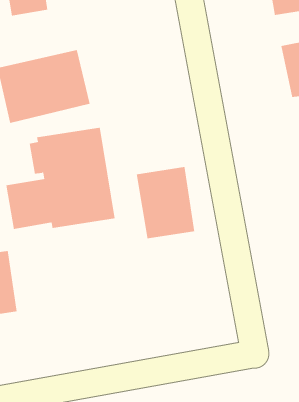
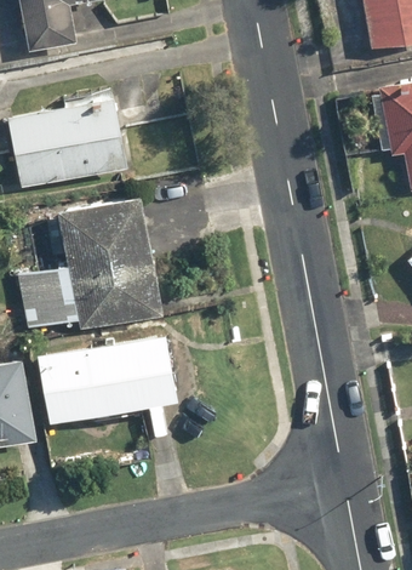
building: [136,166,195,239] -> none
building: none -> [36,334,176,424]

